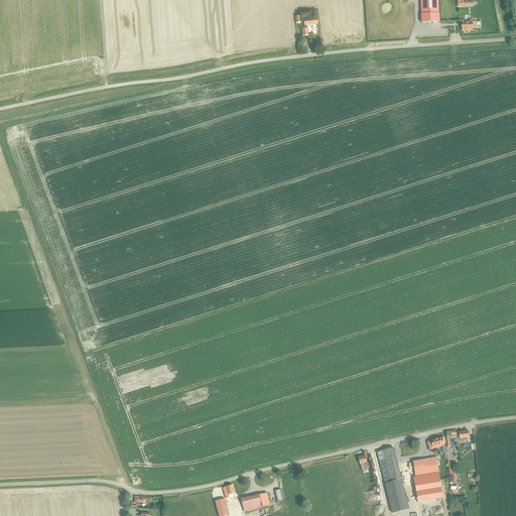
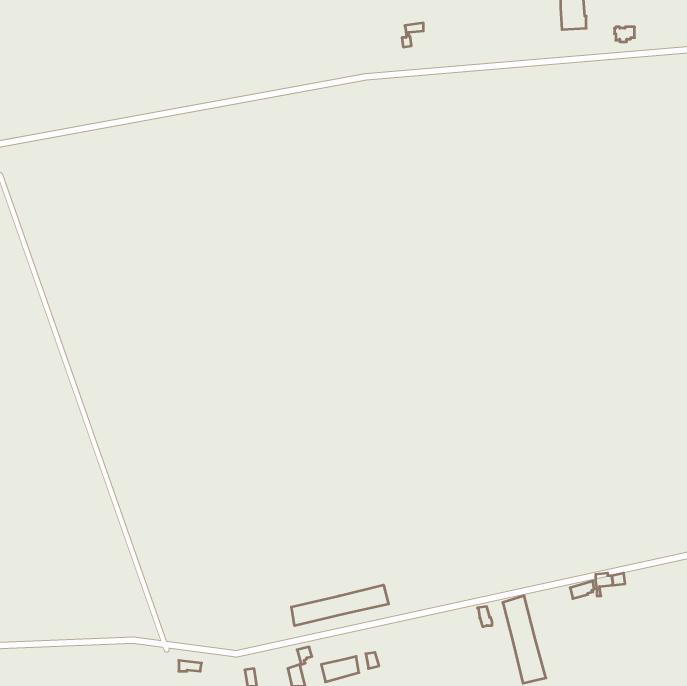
building: none -> [291,585,389,626]
building: [413,457,443,501] -> none

